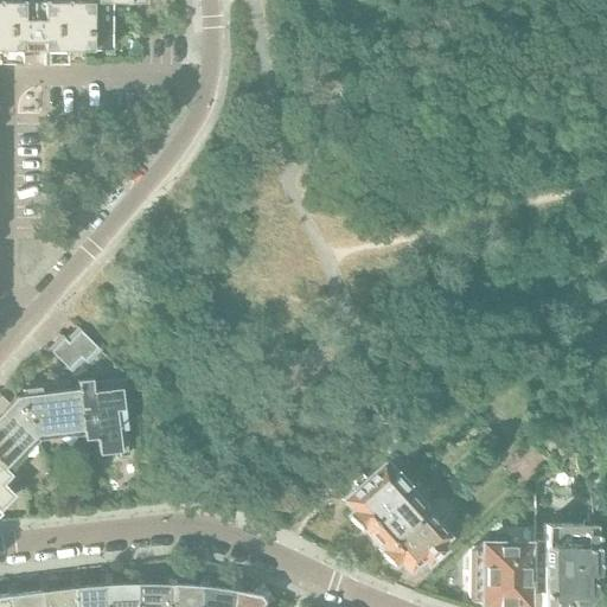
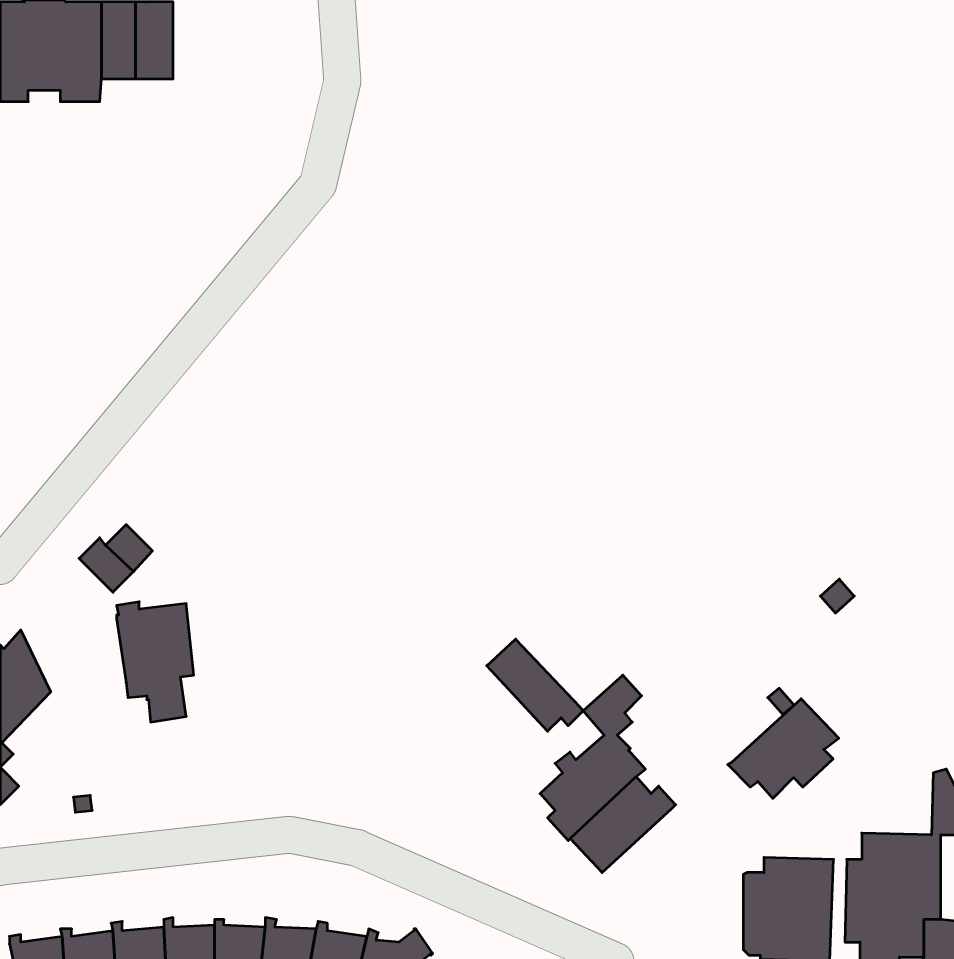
building: [18,383,84,437] -> none
building: none -> [487,639,583,731]
building: [382,511,452,574] -> [728,699,839,798]

